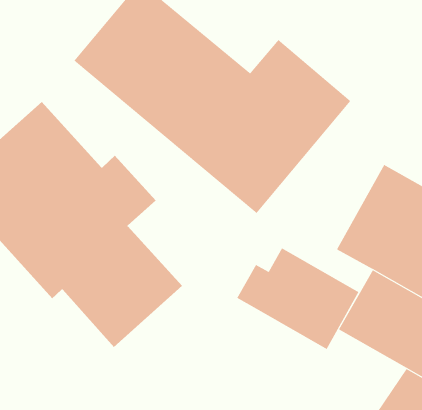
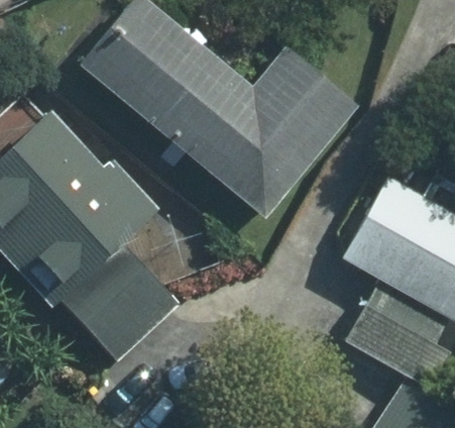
building: [236,247,359,350] -> none

